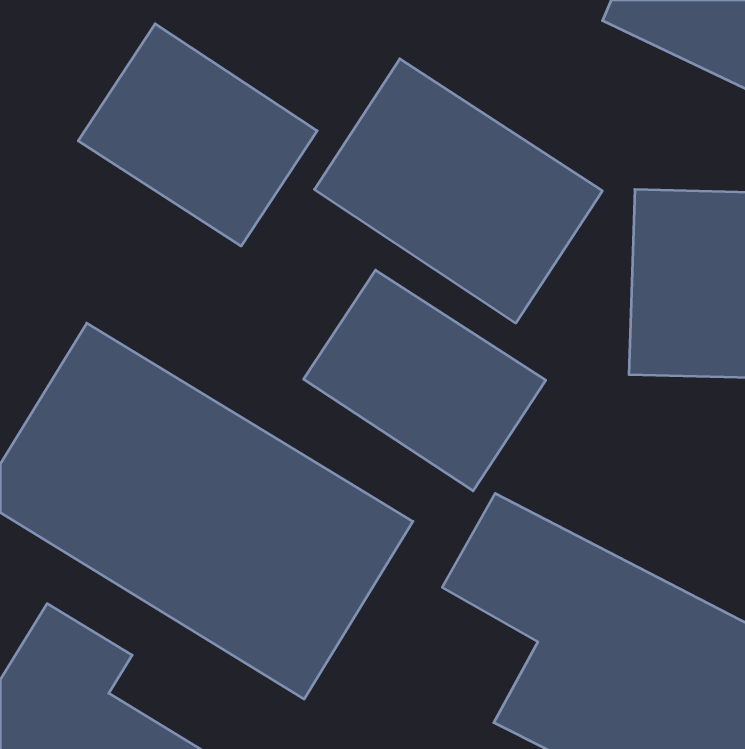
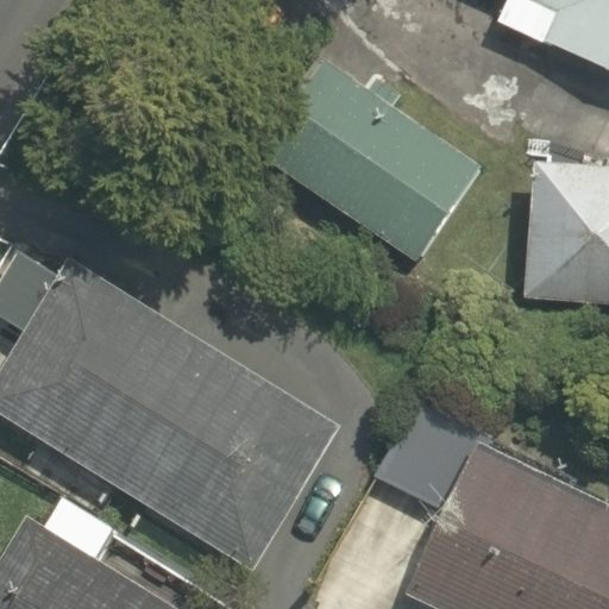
building: [78,24,317,246] -> none
building: [304,270,546,491] -> none

